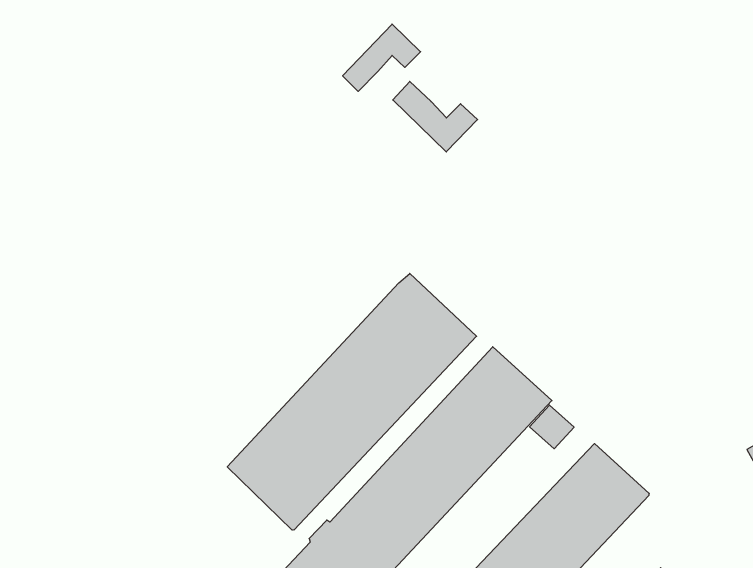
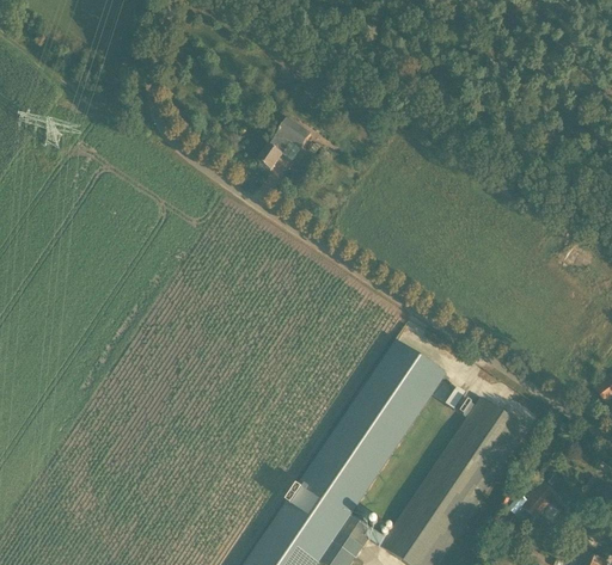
building: [393,81,478,152] -> none
building: [227,273,477,530] -> none

